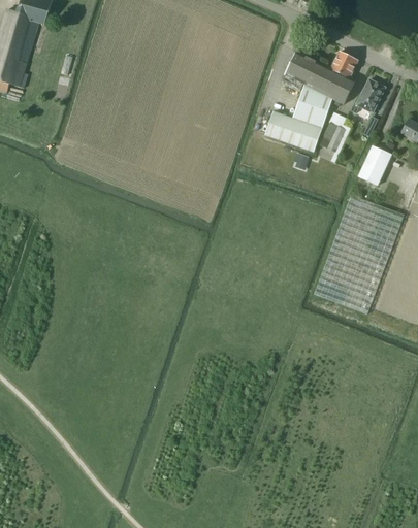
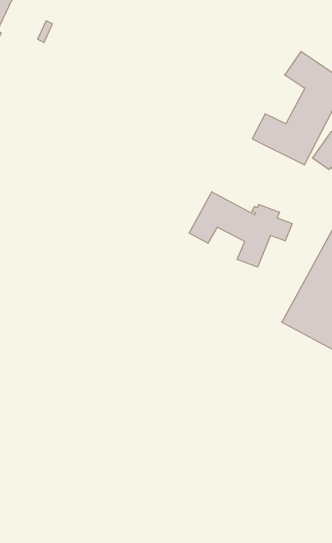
building: none -> [189,192,292,267]

